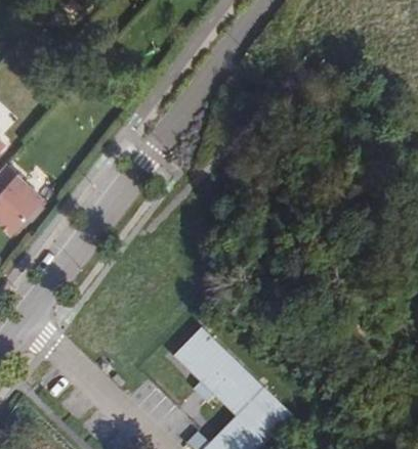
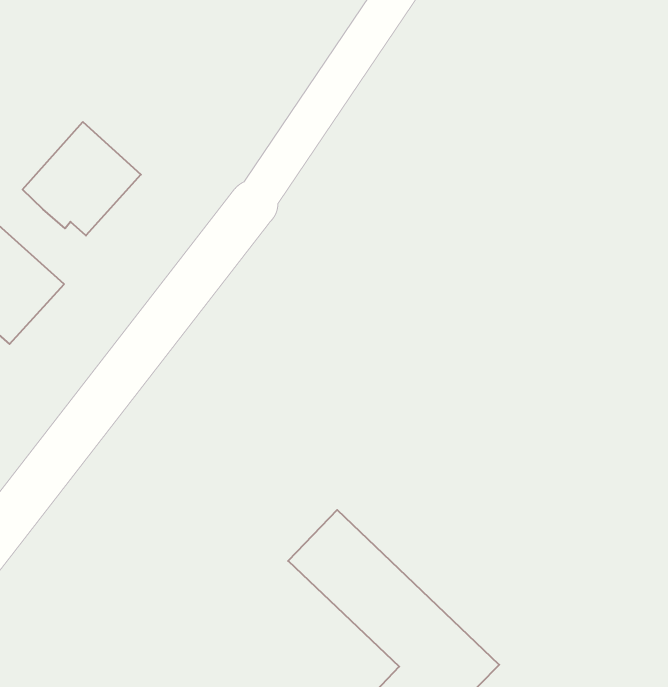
building: none -> [23,122,141,236]

